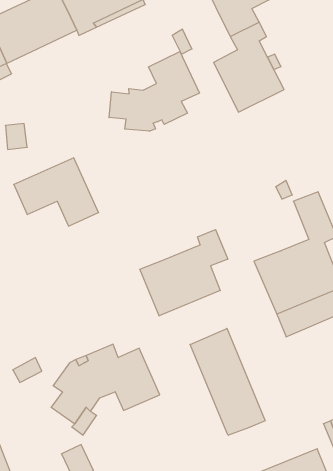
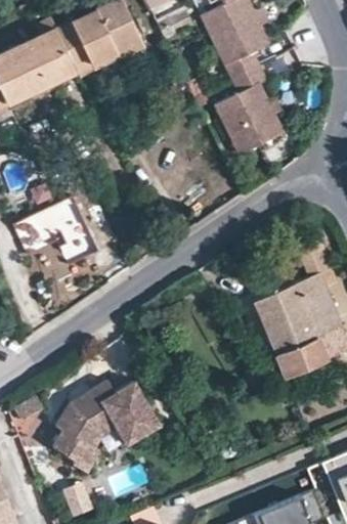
building: [109,52,199,131] -> none
building: [140,230,228,316] -> none
building: [190,328,265,435] -> none

